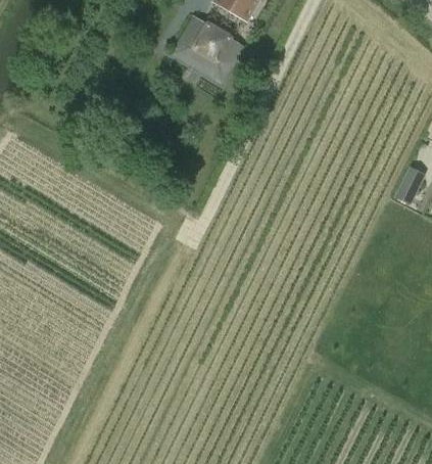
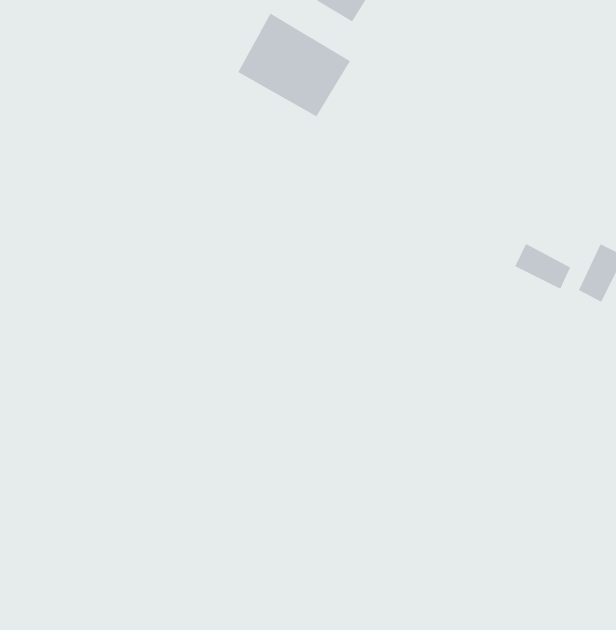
building: none -> [514,243,571,290]

